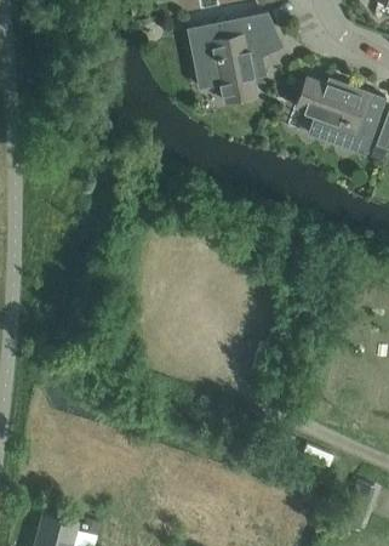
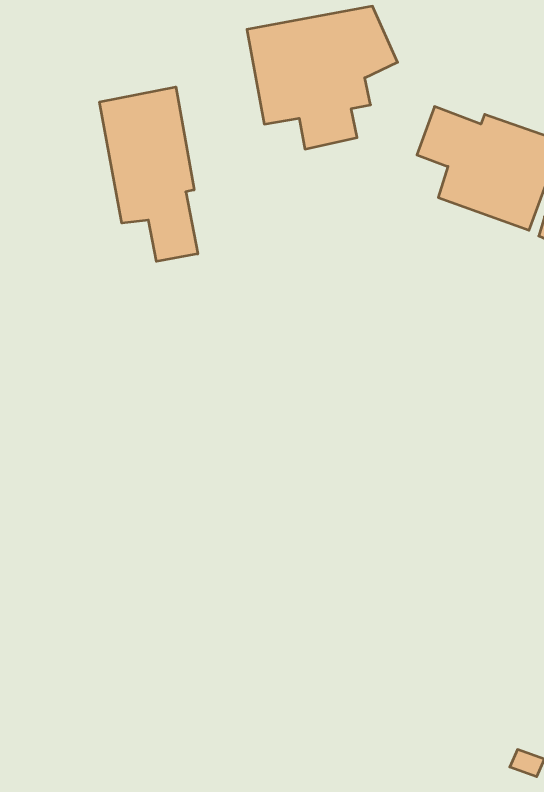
building: none -> [100,87,198,261]

